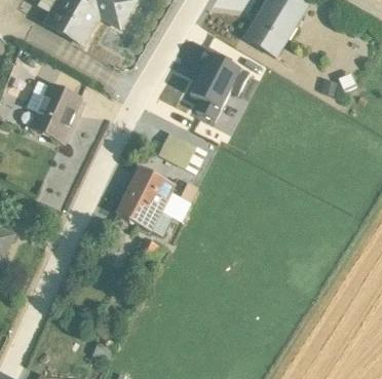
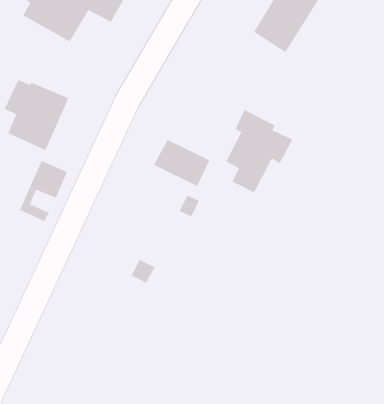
building: [190,46,250,120] -> [226,109,293,193]
building: [116,165,175,234] -> none

